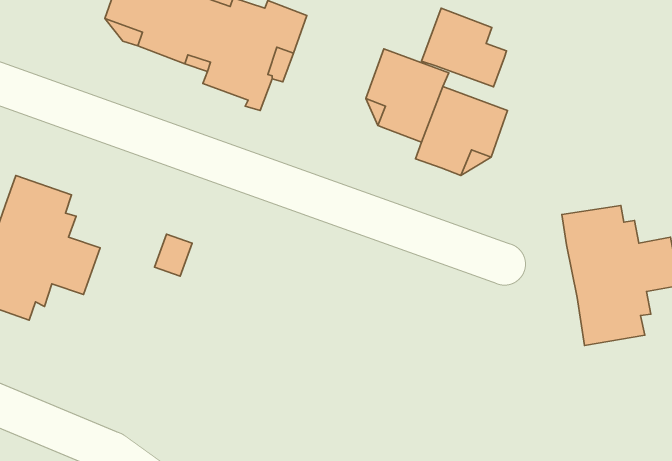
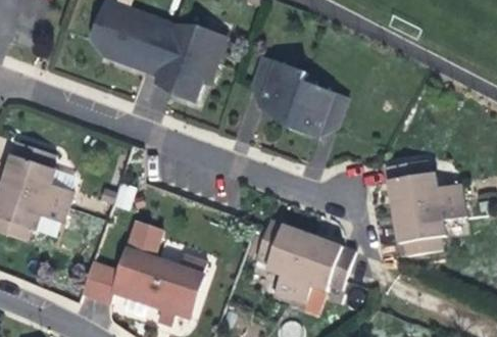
building: [421,8,506,87] -> none
building: none -> [254,219,357,309]
building: none -> [81,220,208,326]

